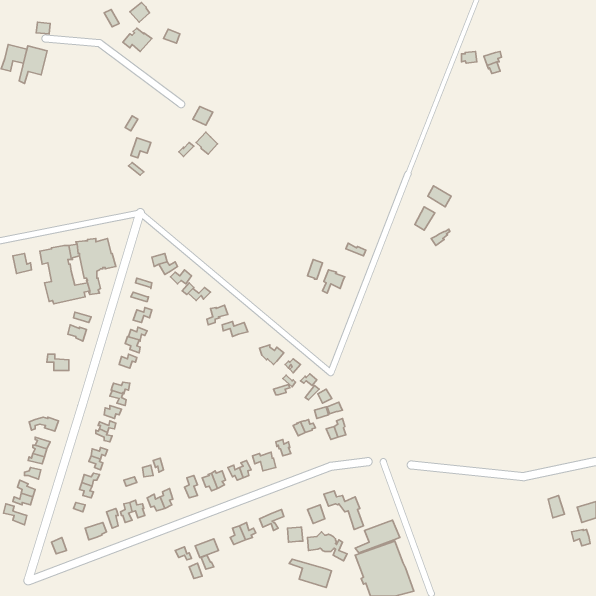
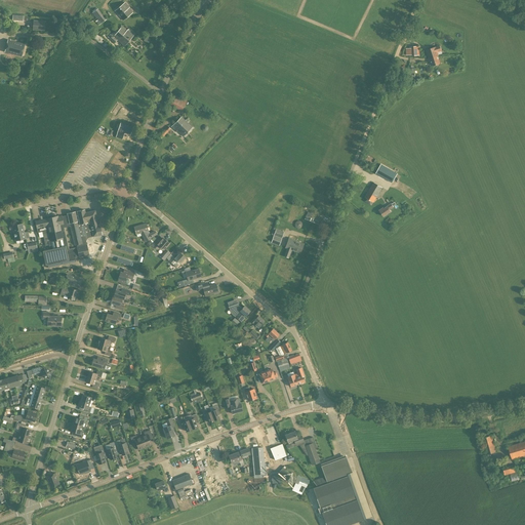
building: [19,46,47,83] -> none
building: [289,559,332,587] -> none

